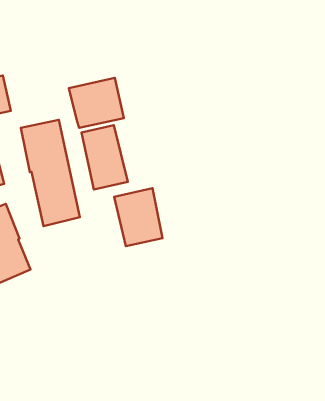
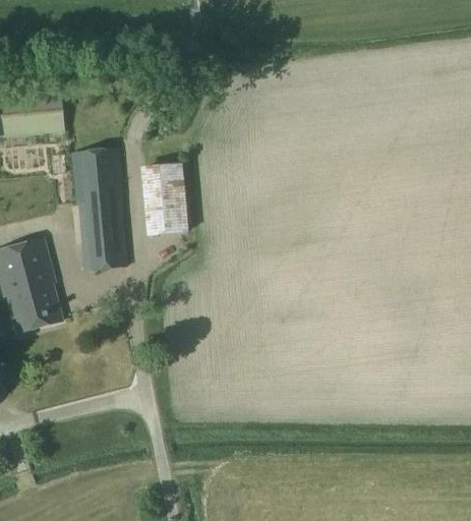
building: [69,78,124,128] -> none
building: [114,188,162,246] -> none

